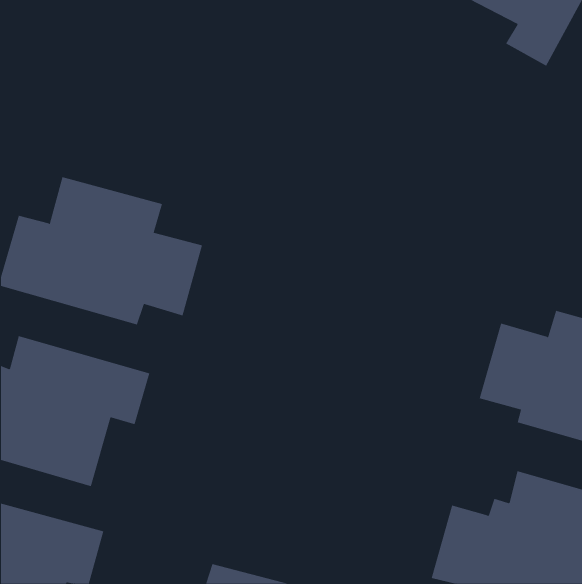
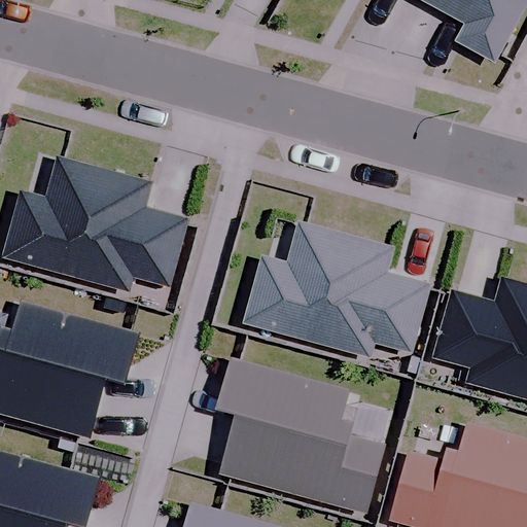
building: none -> [246,222,428,354]
building: none -> [218,360,383,513]

